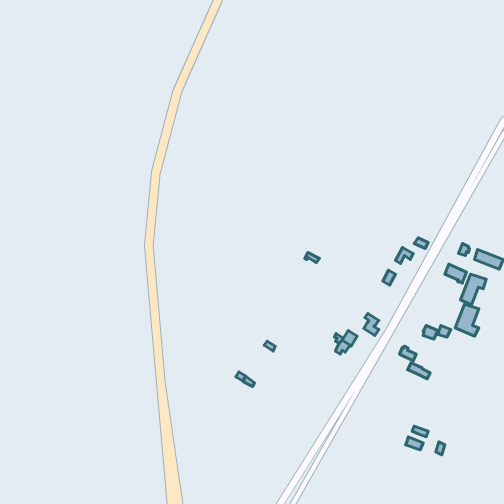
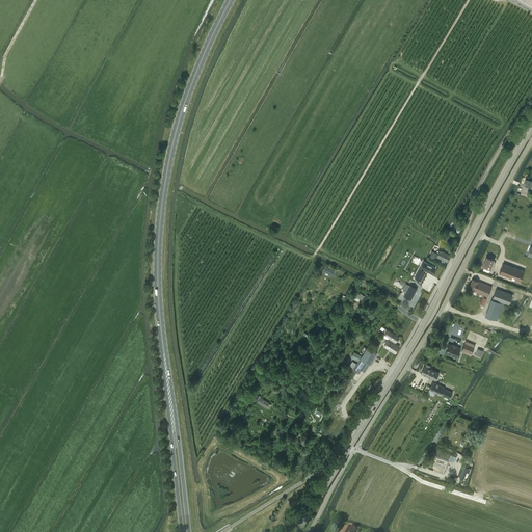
building: [455,304,479,336] -> none

